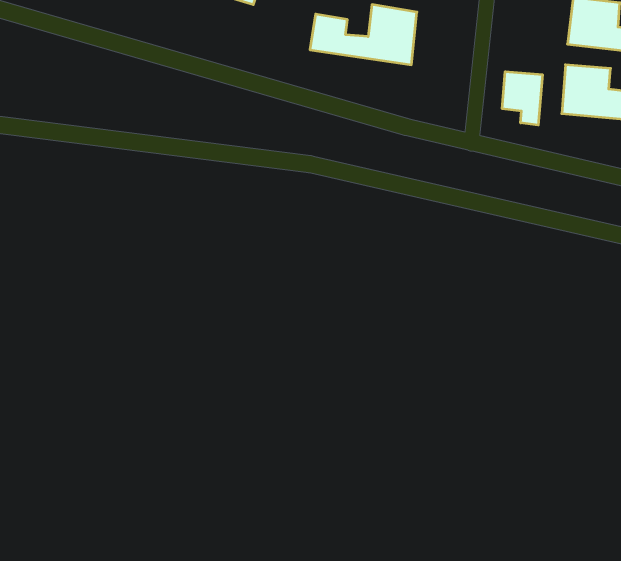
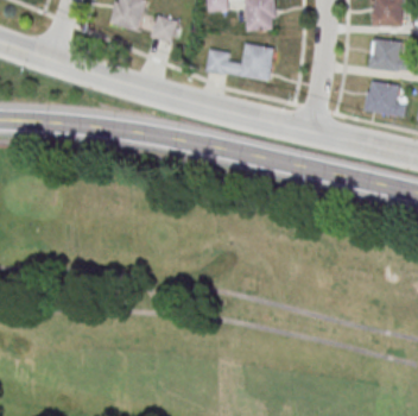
building: [502,72,542,125] -> none

